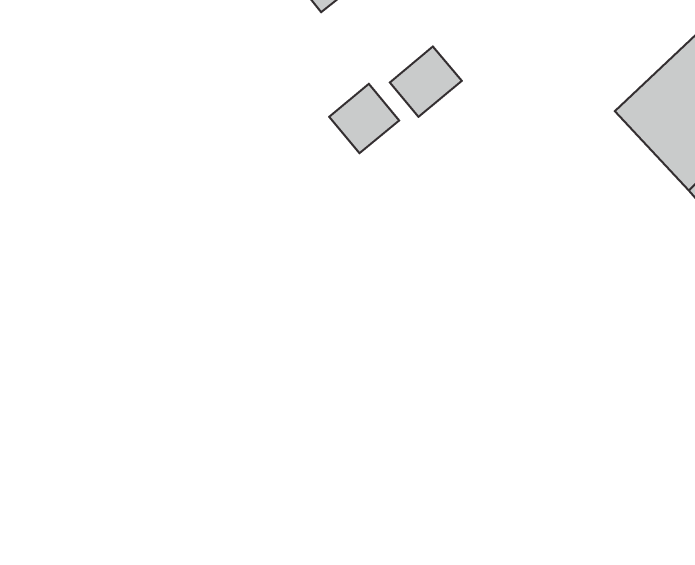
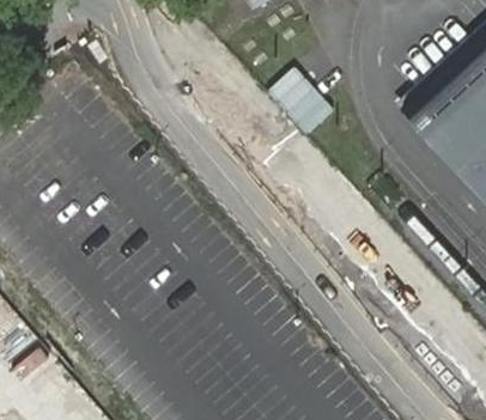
building: [329,84,399,153] -> none

